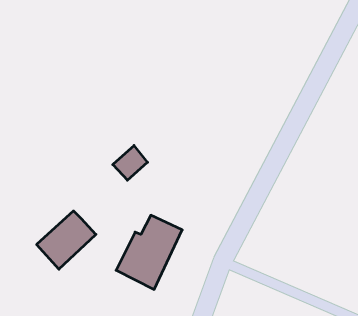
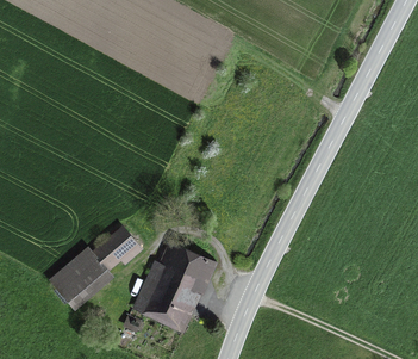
building: [113,145,148,180] -> [101,230,138,267]

